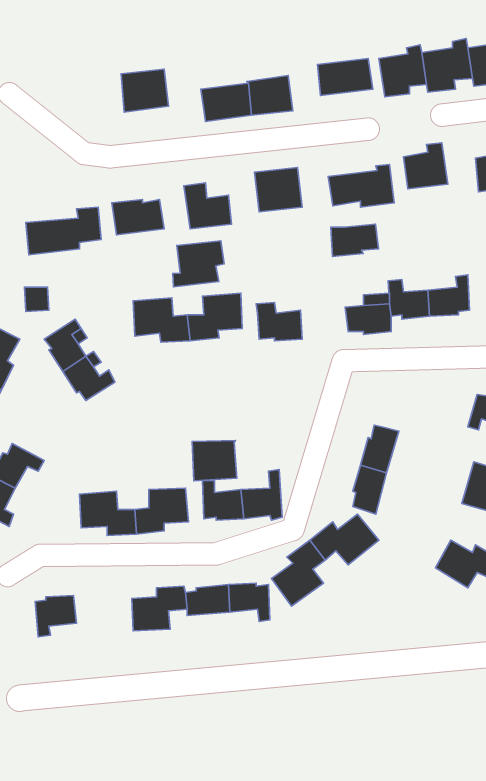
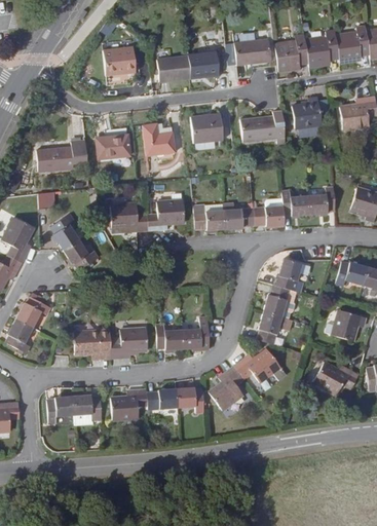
building: [331,224,378,256] -> [224,206,256,228]
building: [173,241,224,287] -> none
building: none -> [278,259,303,292]
building: [192,440,237,481] -> none
building: none -> [72,398,102,424]

